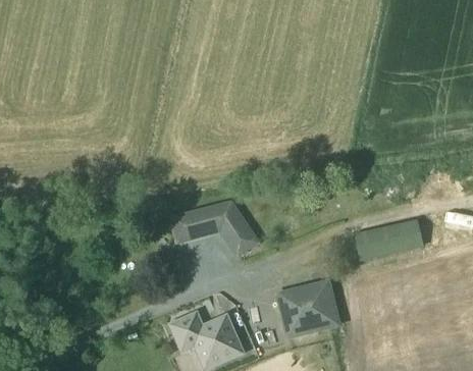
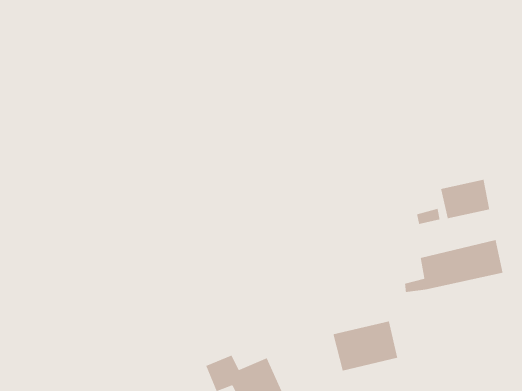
building: none -> [440,179,490,219]
building: [173,203,261,257] -> none

